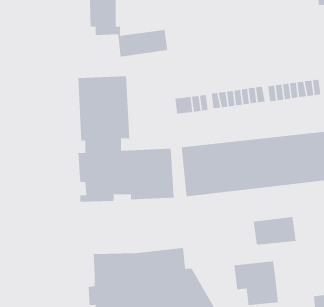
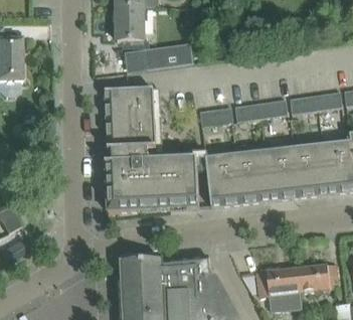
building: [253,216,296,245] -> [296,263,338,291]

